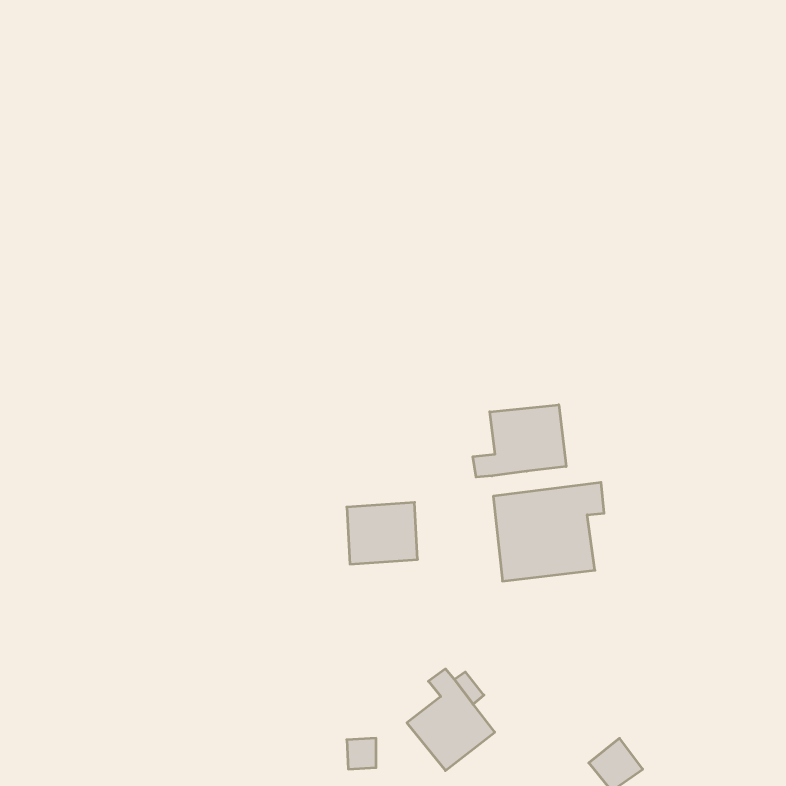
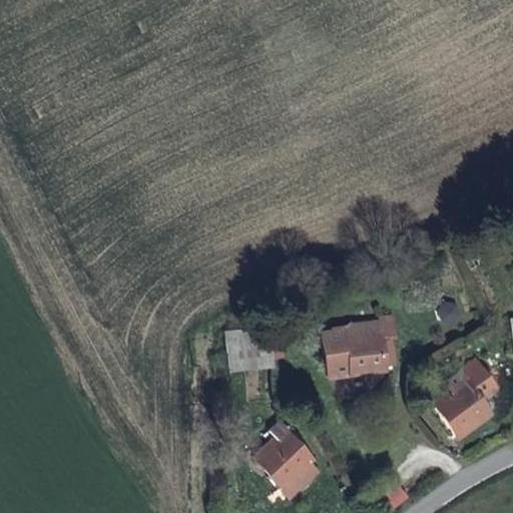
building: [473,405,566,477] -> none
building: none -> [437,373,497,436]

